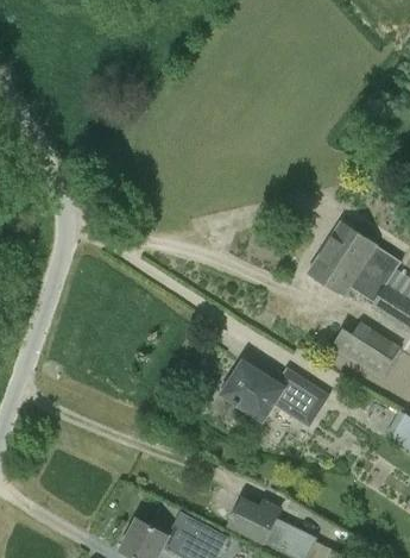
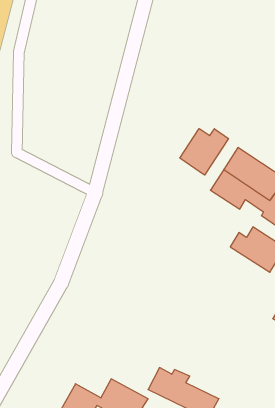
building: none -> [180,129,228,175]
building: [221,363,327,425] -> none

